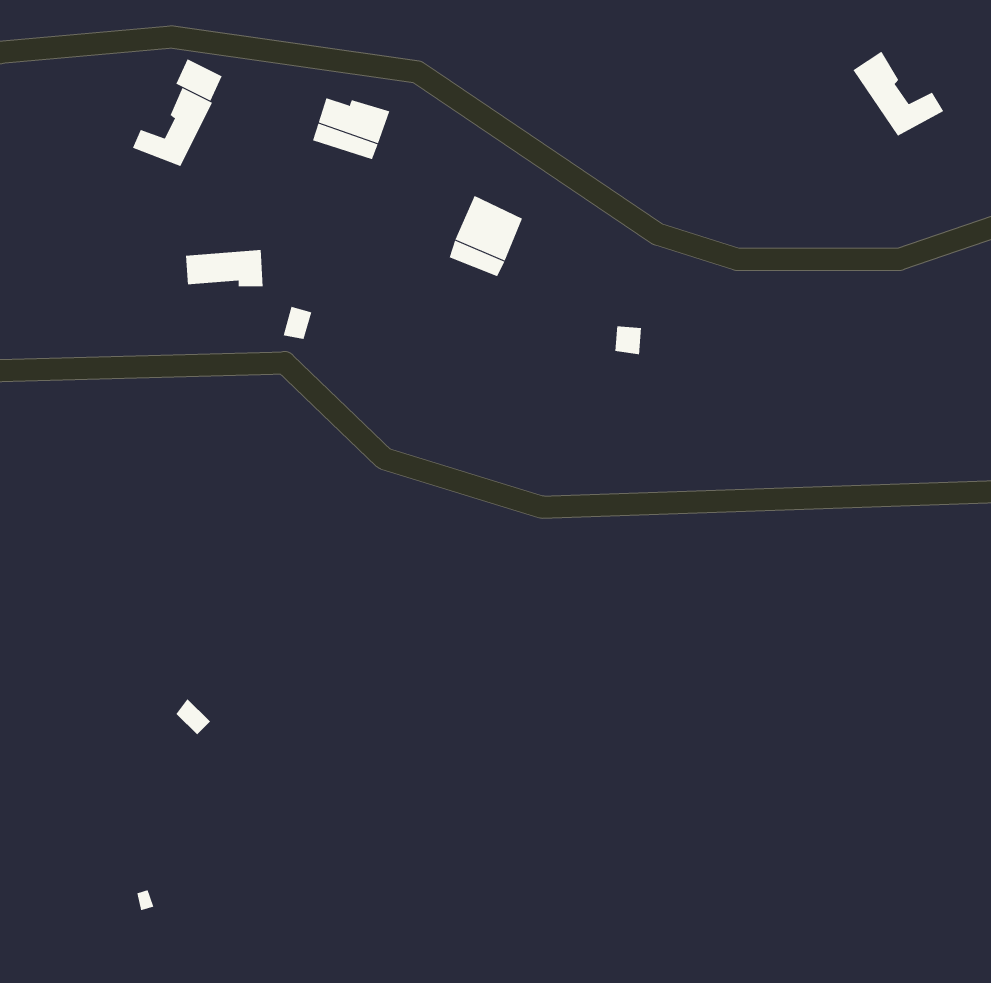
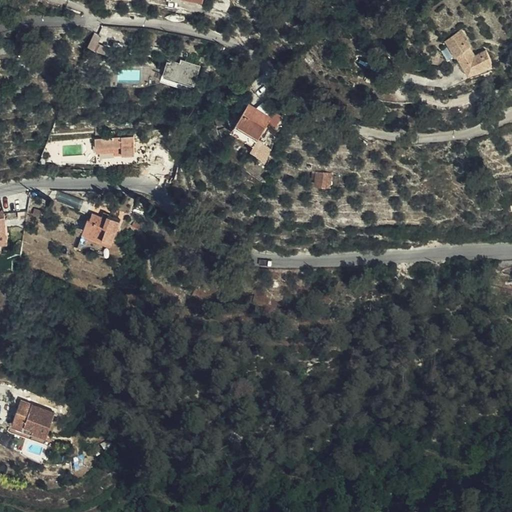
building: [132,87,213,167] -> none
building: none -> [85,216,123,243]
building: none -> [9,405,51,439]

